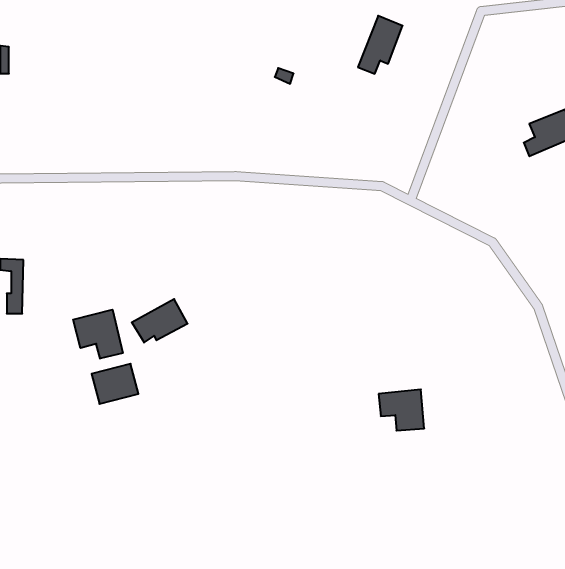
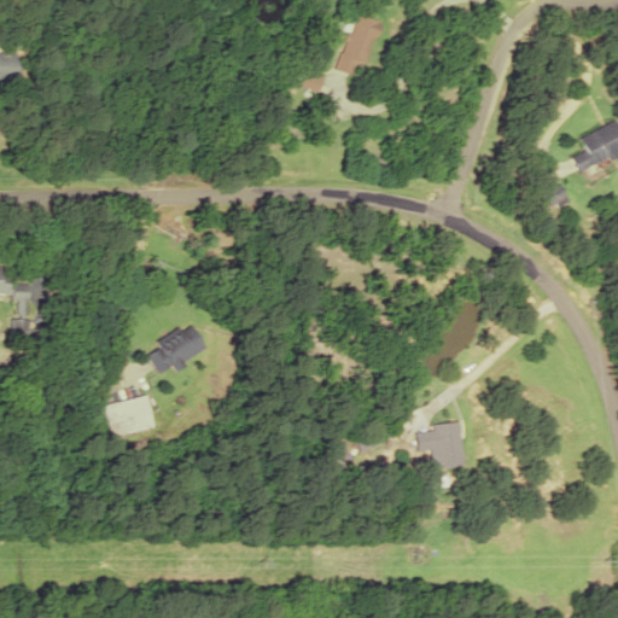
building: [358,16,403,74] -> [336,13,384,76]
building: [73,310,123,359] -> none

